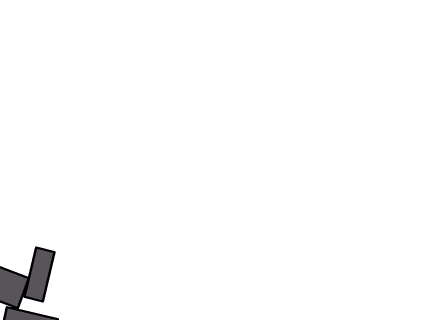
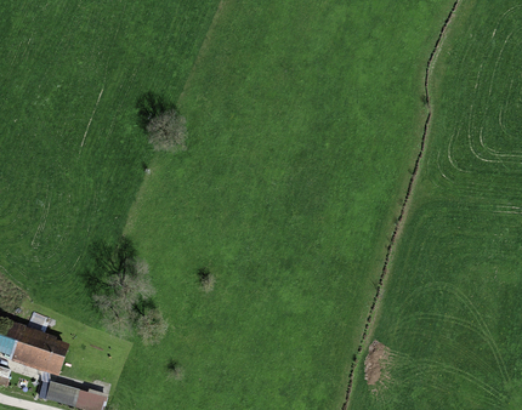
building: [25,247,54,301] -> none

